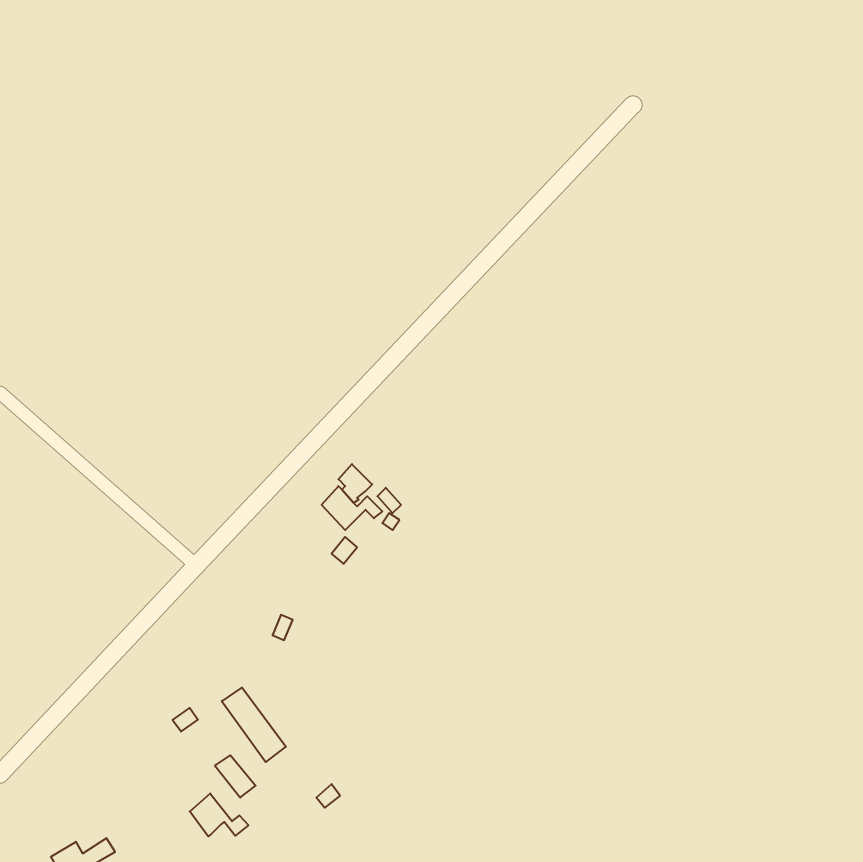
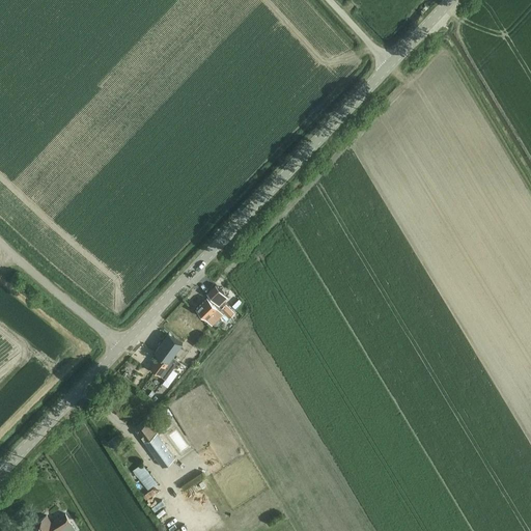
building: none -> [151,336,184,378]
building: [190,793,248,836] -> none

